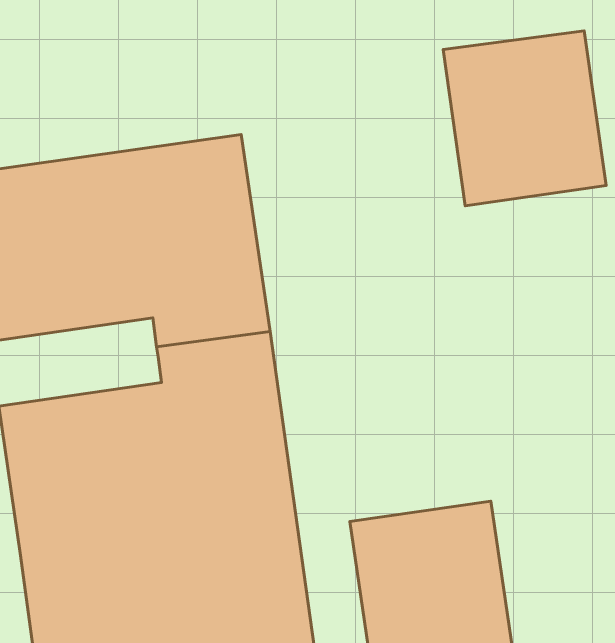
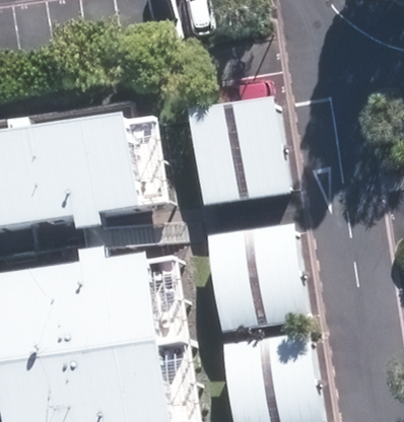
building: [443,31,606,206] -> [189,102,286,207]
building: none -> [206,227,305,338]

